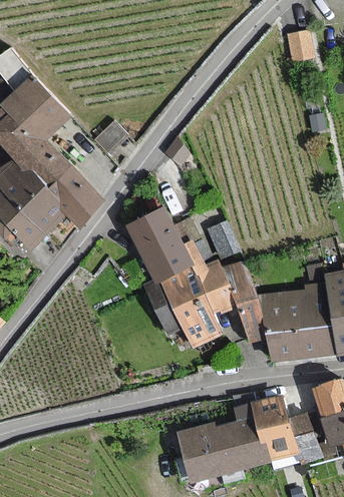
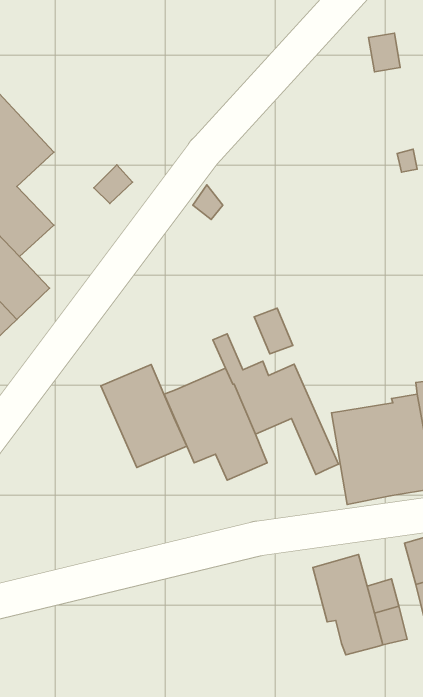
building: [45,166,102,223] -> none
building: [129,209,190,282] -> [101,364,187,468]
building: [179,406,271,480] -> none

